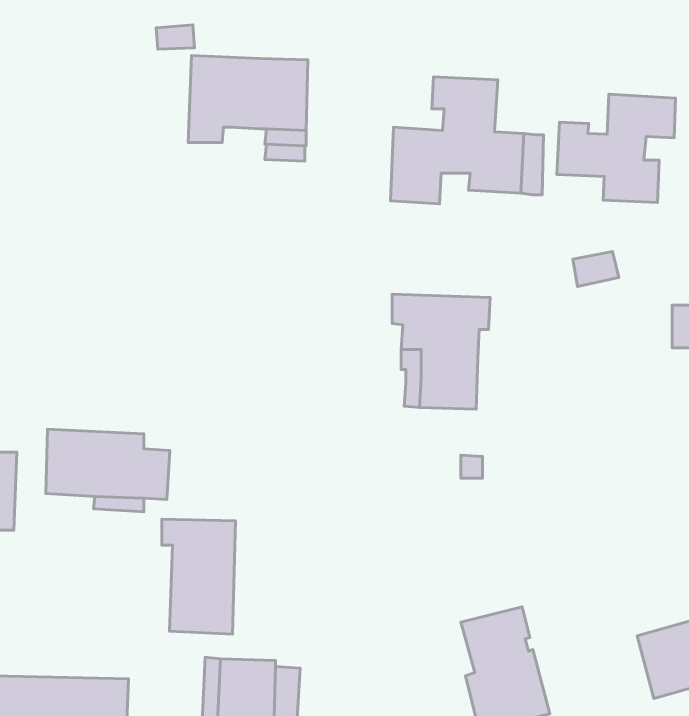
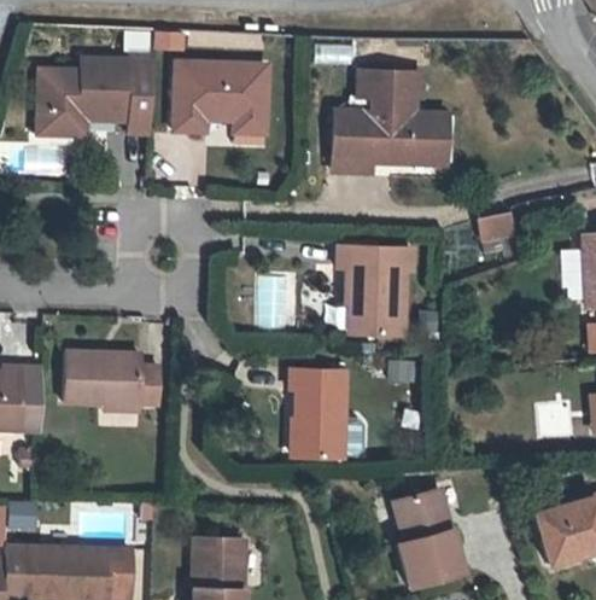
building: none -> [36,58,156,135]
building: [557,94,676,203] -> none
building: [162,519,235,634] -> [287,369,345,460]

